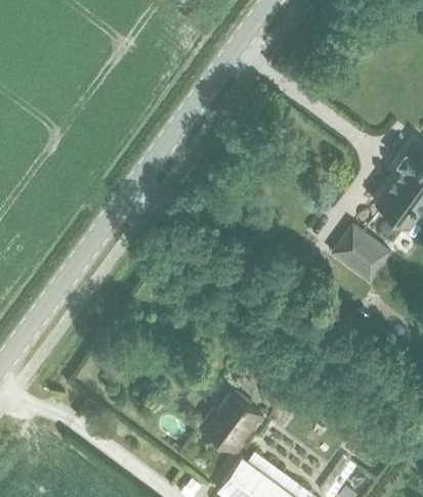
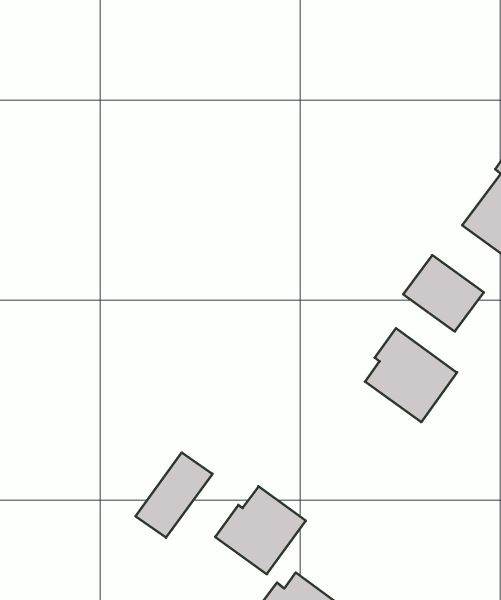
building: none -> [365,328,457,422]
building: none -> [136,453,212,538]

